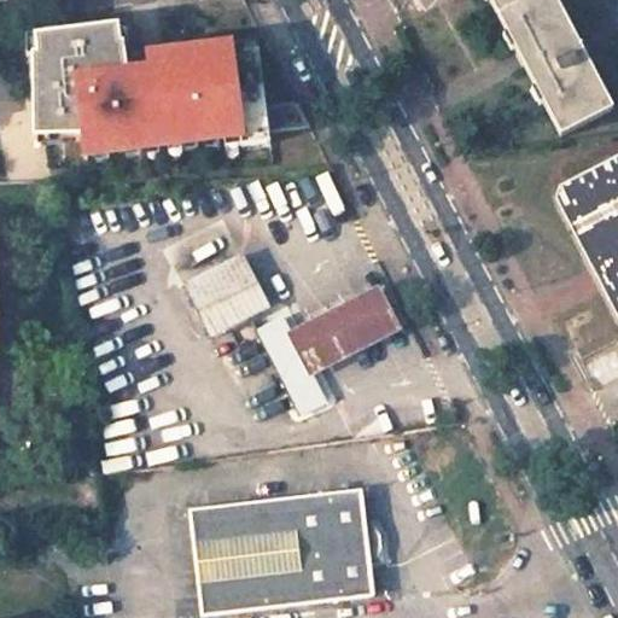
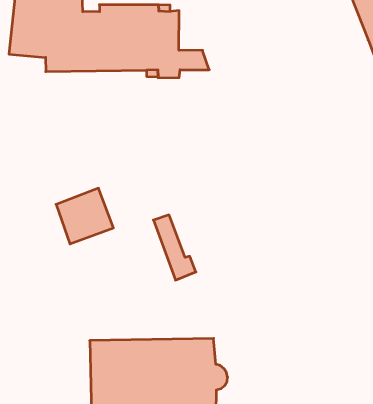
building: [185,255,267,336] -> [56,188,113,244]
building: [287,286,390,371] -> none

